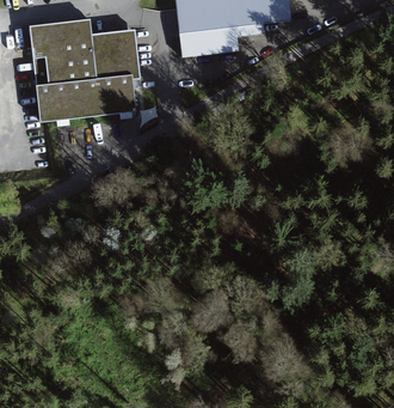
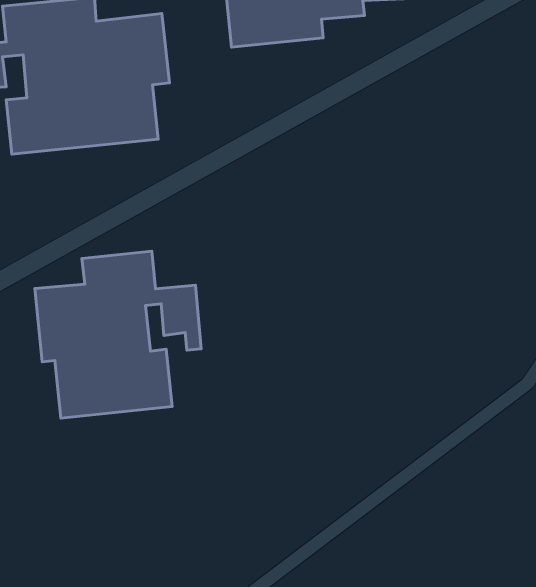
building: none -> [35,251,201,418]

